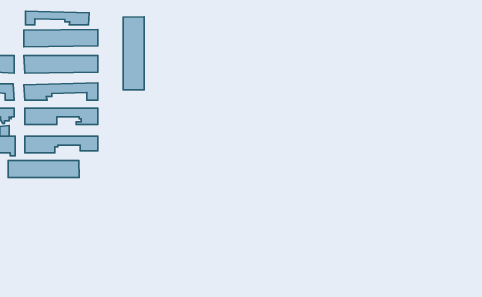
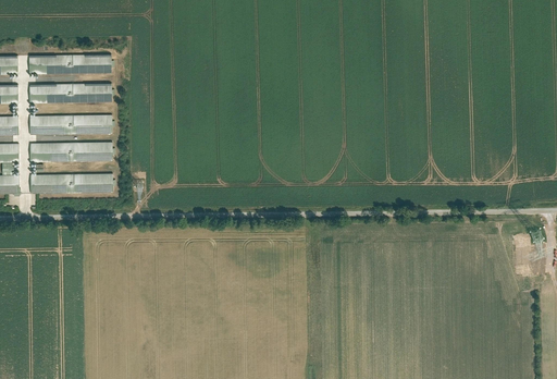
building: [26,11,89,25] -> none
building: [123,17,144,90] -> none
building: [8,160,79,178] -> none

